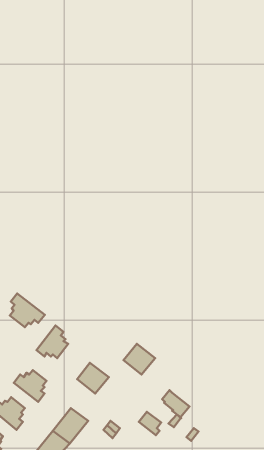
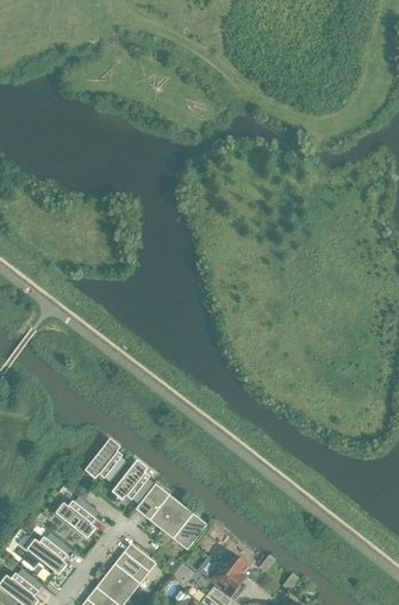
building: [10,294,45,327] -> none
building: none -> [110,460,152,503]
building: [123,344,155,375] -> [161,506,202,547]
building: [162,390,189,417] -> [205,561,241,597]

